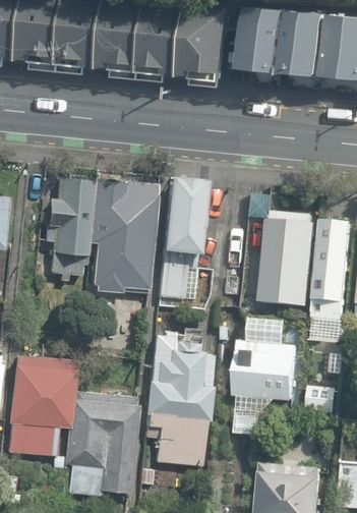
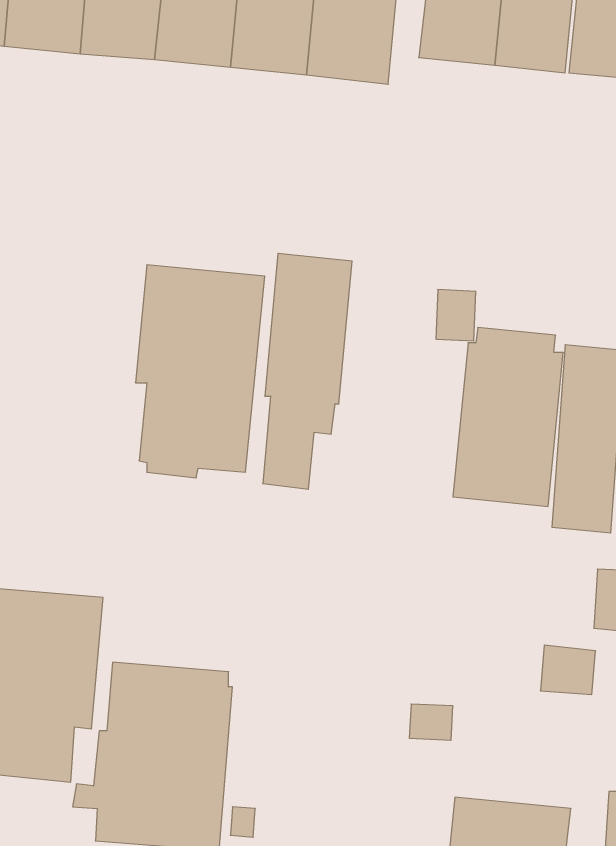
building: [43,178,93,282] -> none
building: [143,333,212,466] -> none
building: [233,342,296,403] -> none

